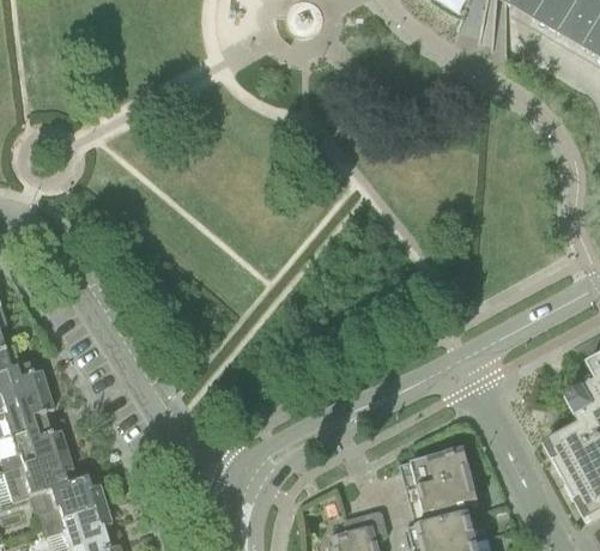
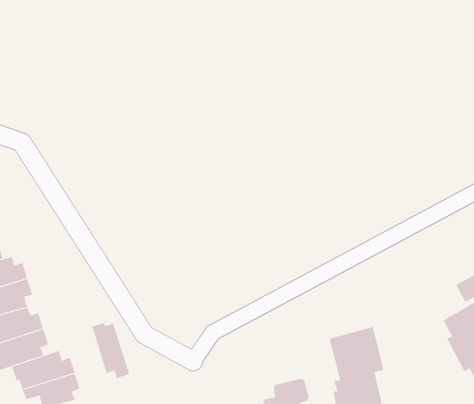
building: none -> [88,313,130,379]

